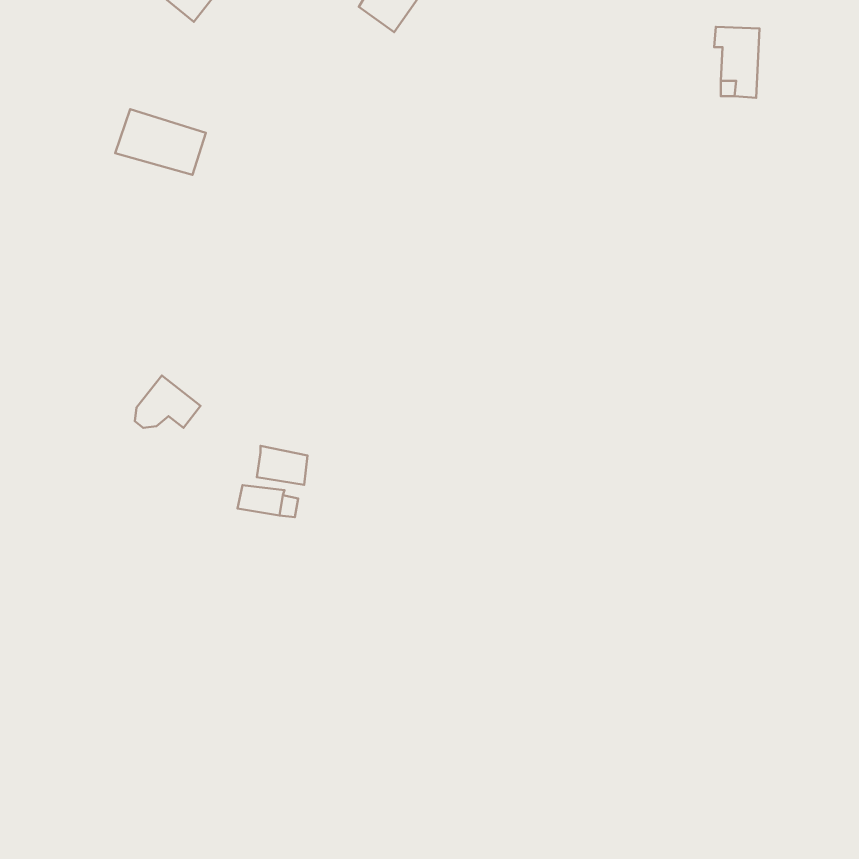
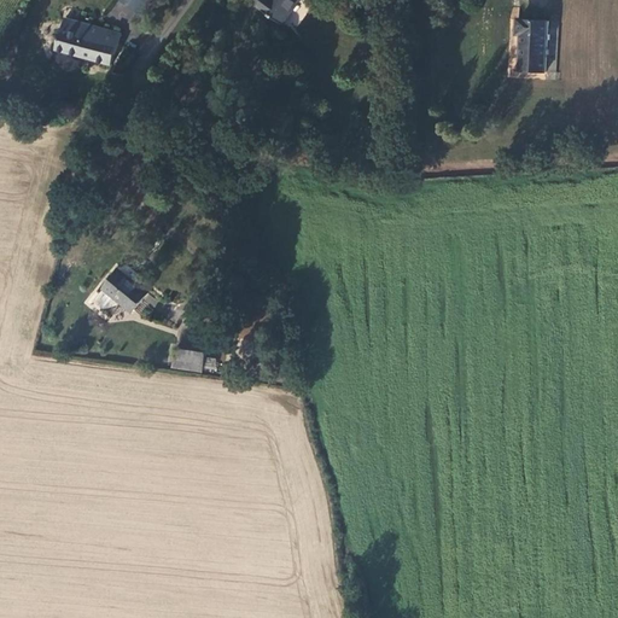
building: [115,109,206,175] -> [56,18,121,65]
building: [257,446,308,485] -> none

